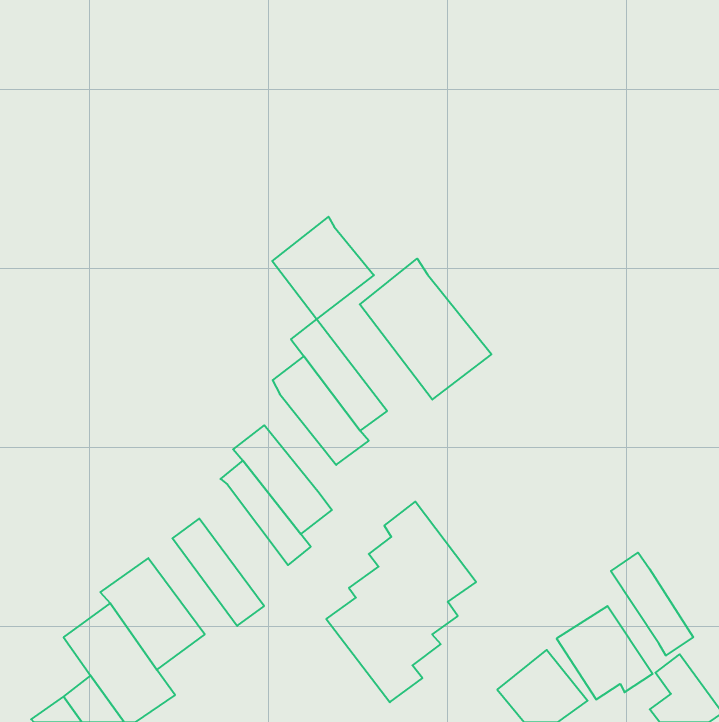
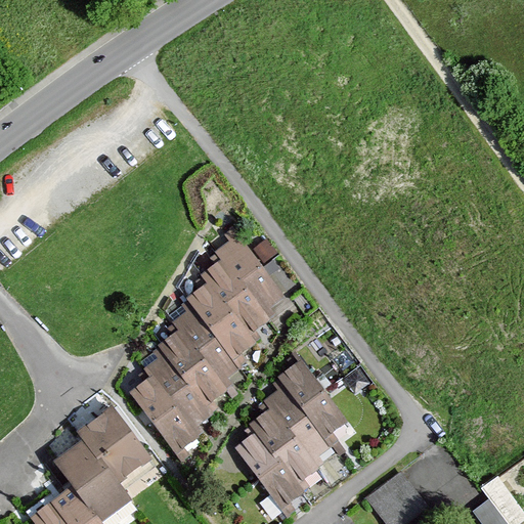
building: [272,217,374,319] -> none
building: [360,259,491,400] -> none
building: none -> [187,286,251,357]
building: none -> [141,351,219,439]
building: [611,553,693,656] -> none

